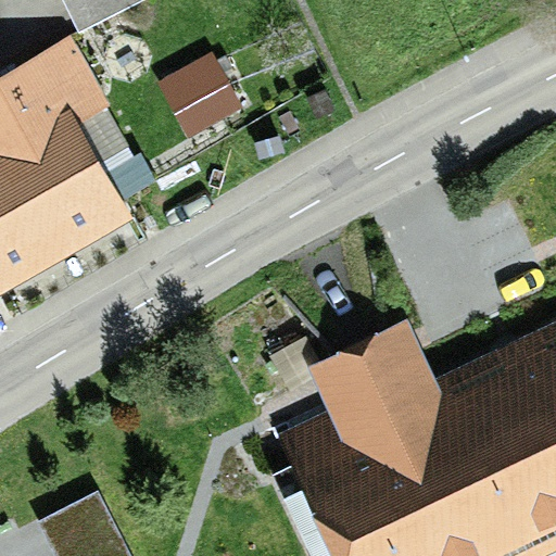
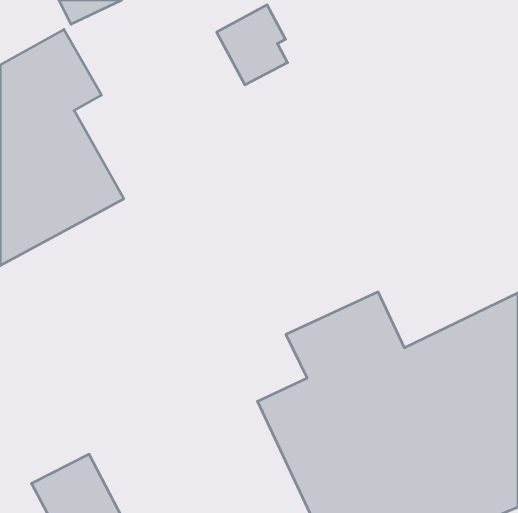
building: [156,54,232,140] -> [217,5,288,85]

